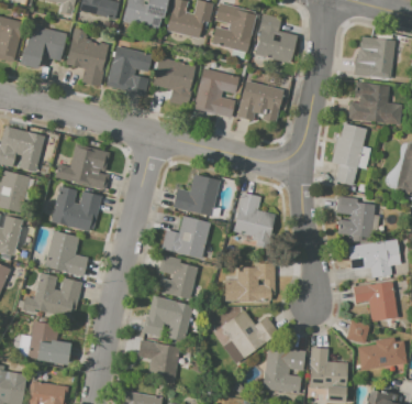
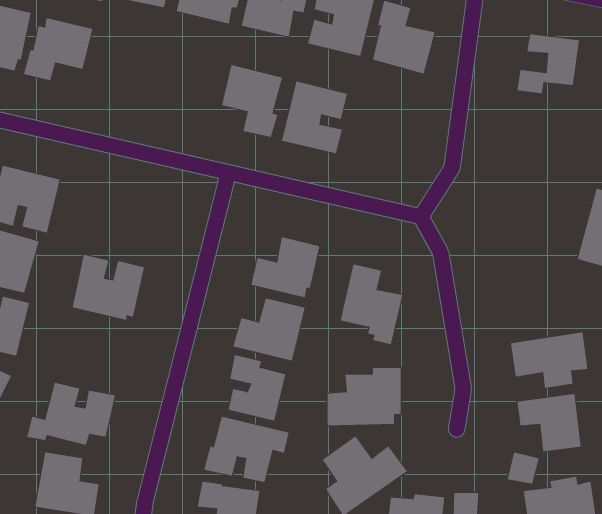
building: [65,28,109,87] -> none
building: [105,46,154,96] -> none
building: [236,80,283,122] -> none
building: [347,81,402,124] -> none
building: [331,123,366,186] -> none
building: [55,143,109,189] -> none
building: [335,196,375,243] -> none
building: [45,231,88,276] -> none

